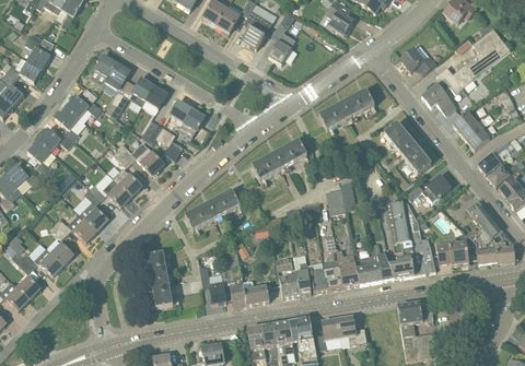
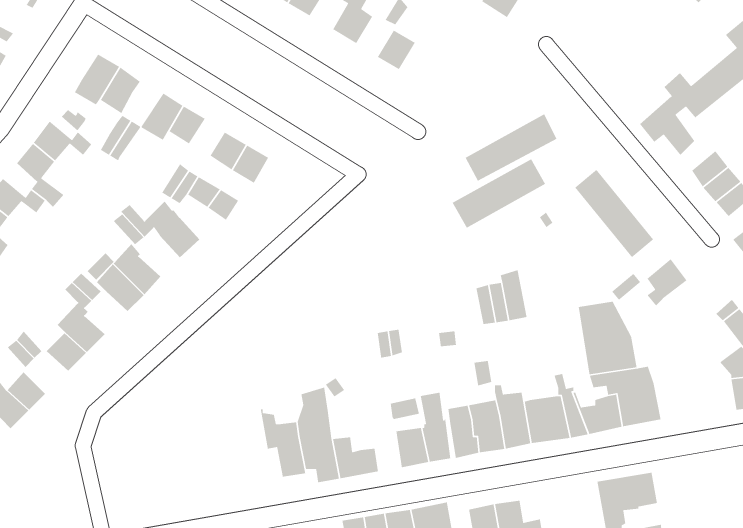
building: [400,43,436,75] -> none
building: [252,140,307,181] -> [451,158,546,229]
building: [185,190,241,232] -> none
building: [436,234,468,264] -> none
building: [147,252,173,308] -> none

